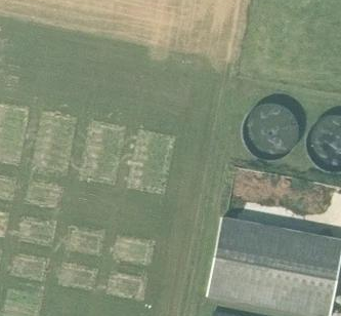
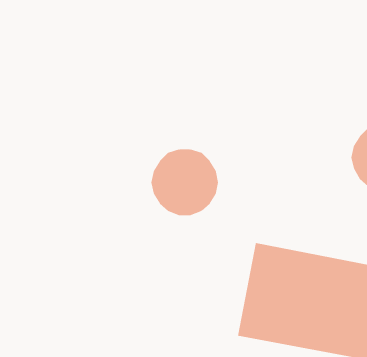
building: [242,103,300,160] -> [151,149,219,216]

